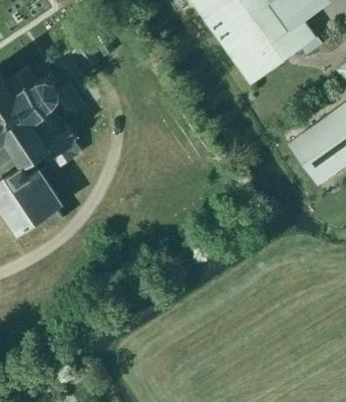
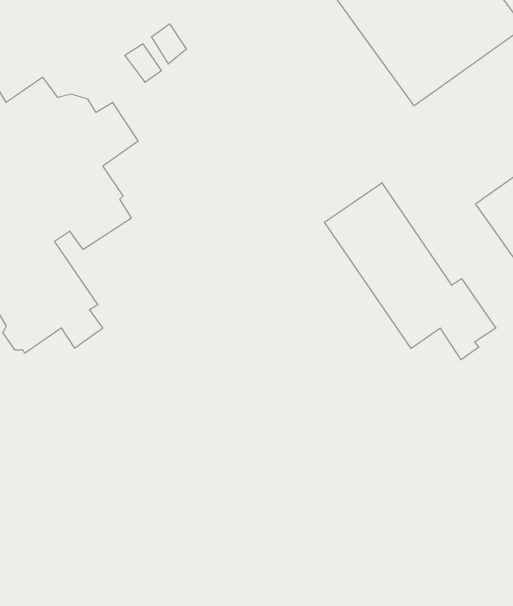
building: none -> [325,183,496,360]

